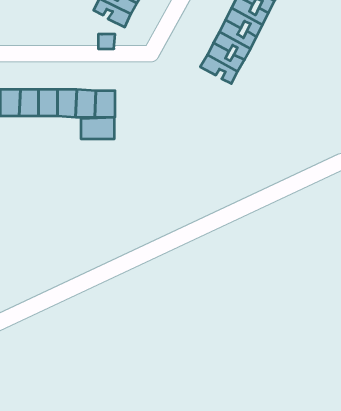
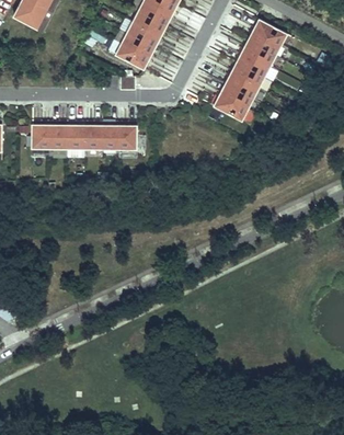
building: [81,117,114,139] -> none

